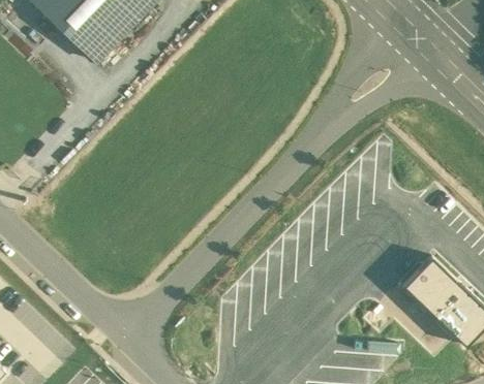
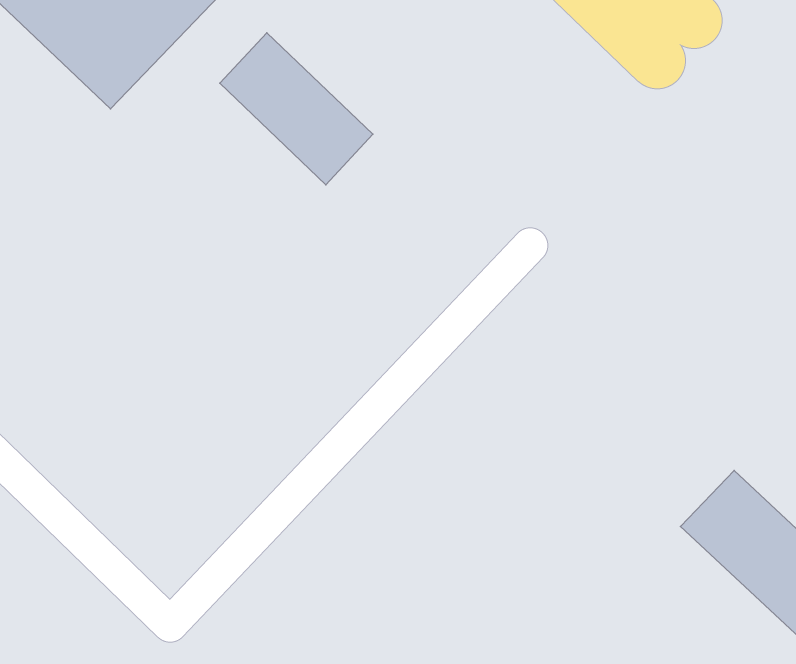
building: none -> [220,33,373,185]

